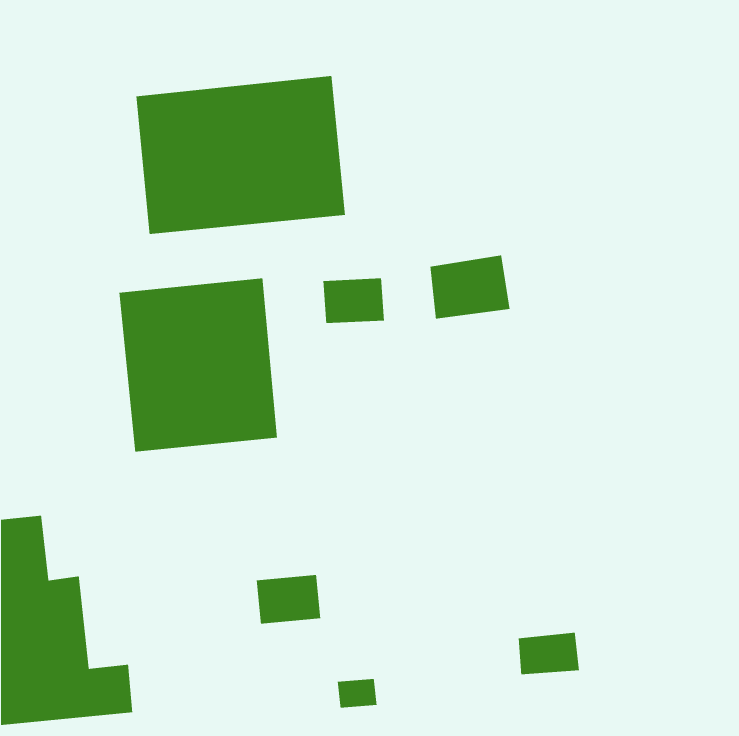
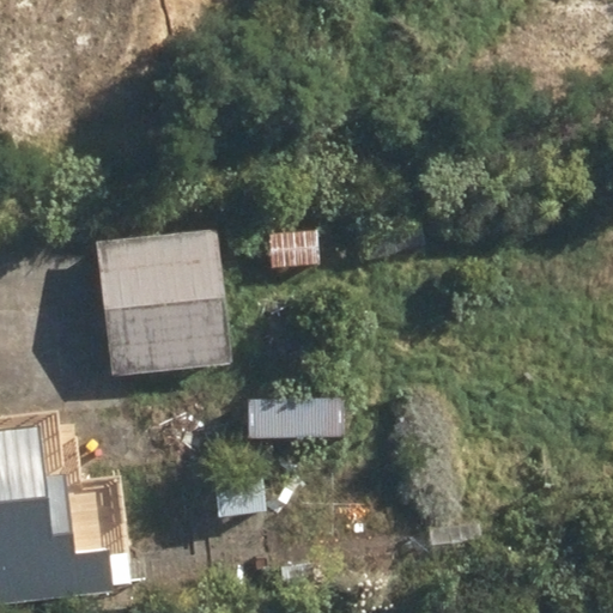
building: [136,75,346,235] -> none

